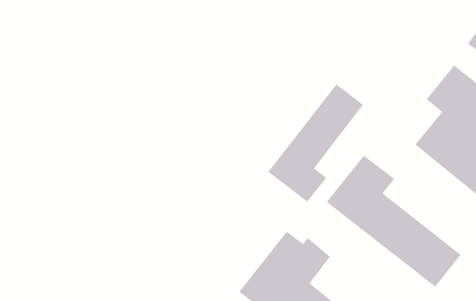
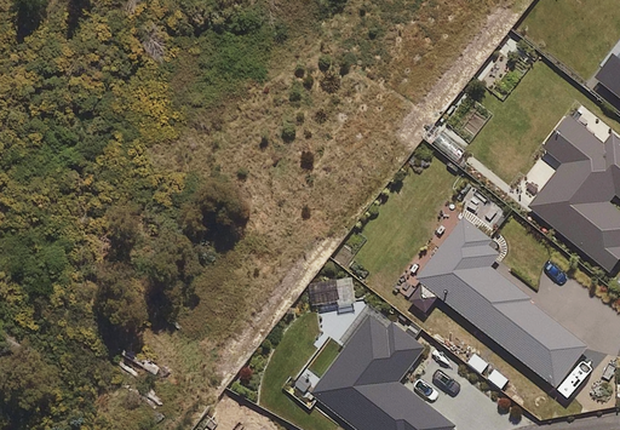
building: [267,84,364,202] -> none

